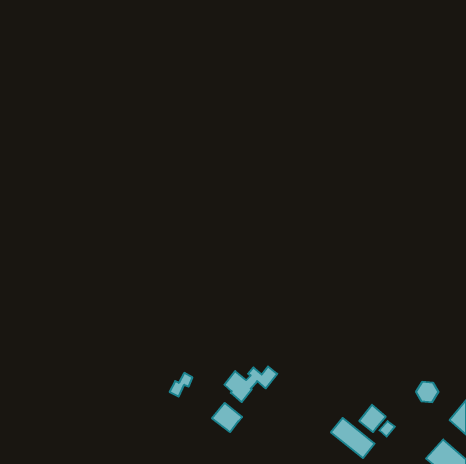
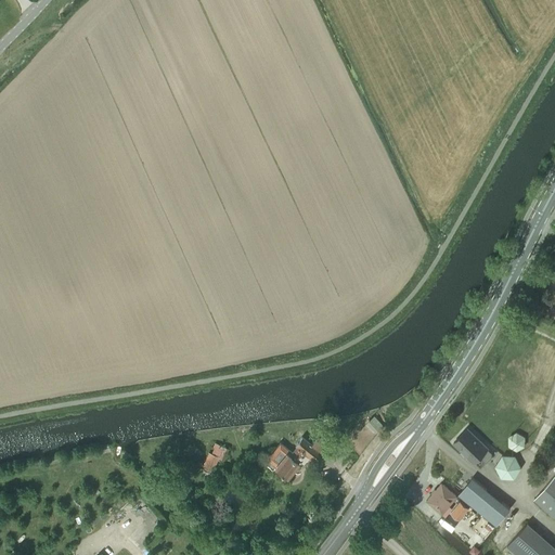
building: none -> [453,430,493,464]
building: [212,403,242,432] -> none
building: [331,418,375,458] -> [459,479,511,527]

